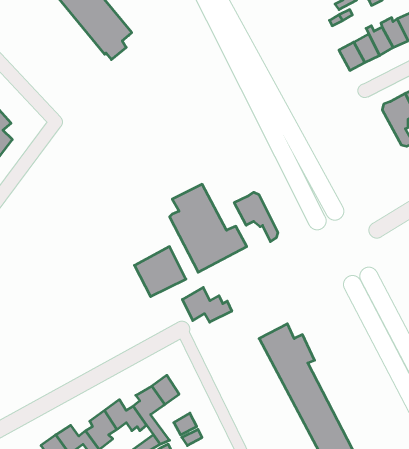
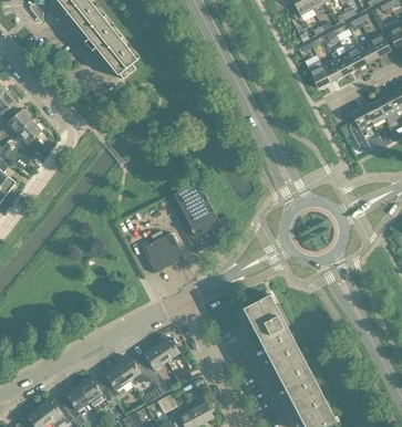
building: [234,192,278,242] -> none
building: [182,287,232,322] -> none

